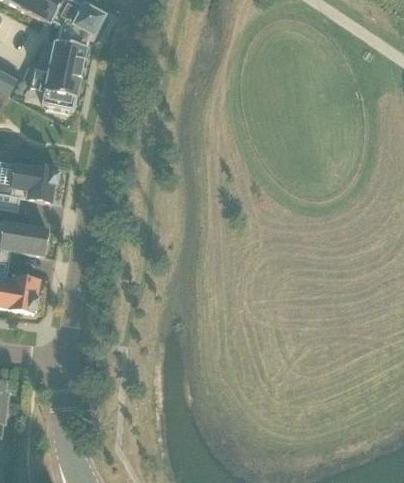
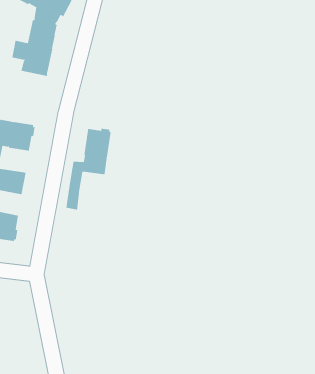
building: none -> [66,128,111,210]

